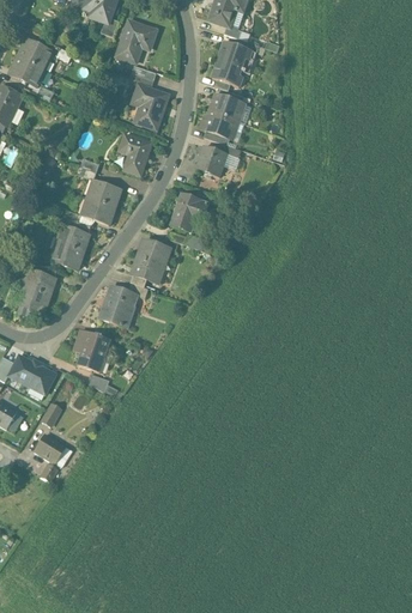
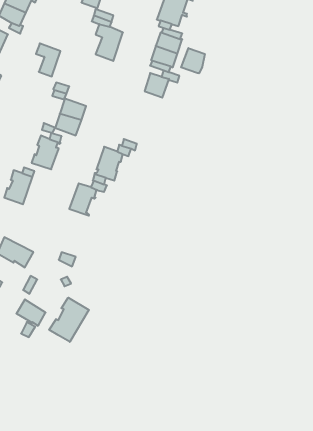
building: none -> [181,48,205,73]
building: [120,134,151,176] -> [36,43,60,76]
building: [170,194,208,231] -> none
building: [74,329,109,371] -> none
building: none -> [49,298,89,342]

